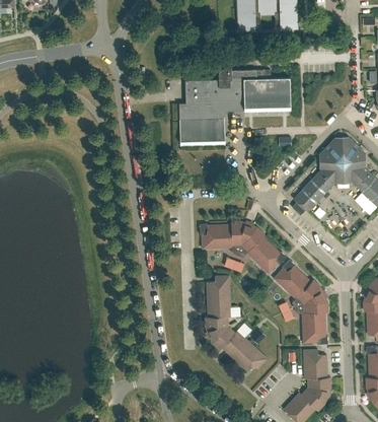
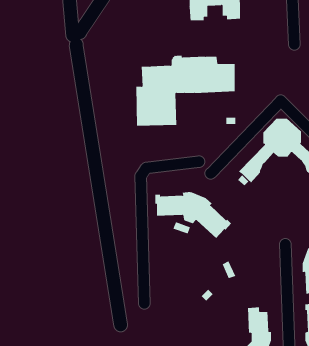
building: [274,259,327,344] -> none
building: [205,275,267,371] -> none

